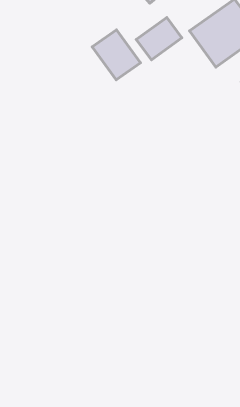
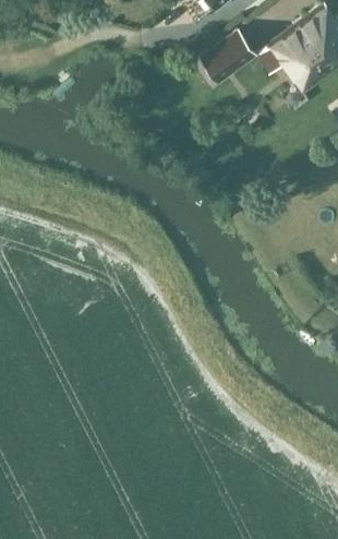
building: [92,30,140,80] -> none

